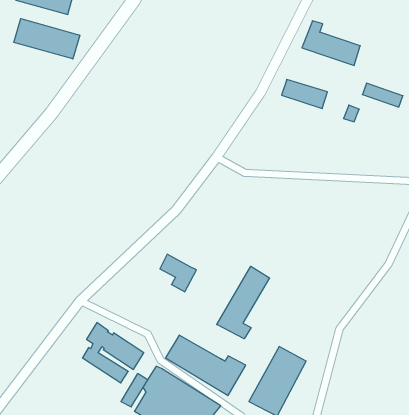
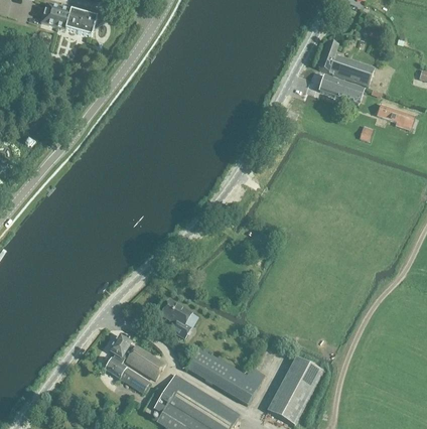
building: [14,19,80,59] -> none
building: [282,79,327,109] -> [319,76,364,104]
building: [160,254,196,292] -> [159,301,194,337]
building: [217,266,270,339] -> none

